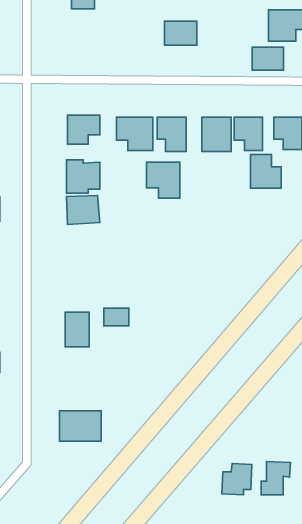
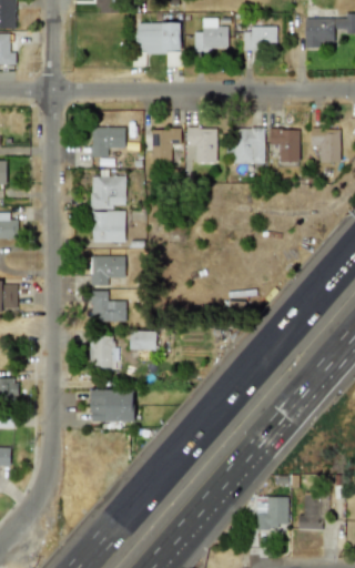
building: none -> [134,22,182,68]
building: [252,47,283,70] -> [244,27,277,51]
building: [251,154,281,188] -> none
building: [146,162,180,198] -> none
building: none -> [90,257,125,286]
building: none -> [91,292,125,323]
building: [59,411,101,441] -> [90,390,134,423]

